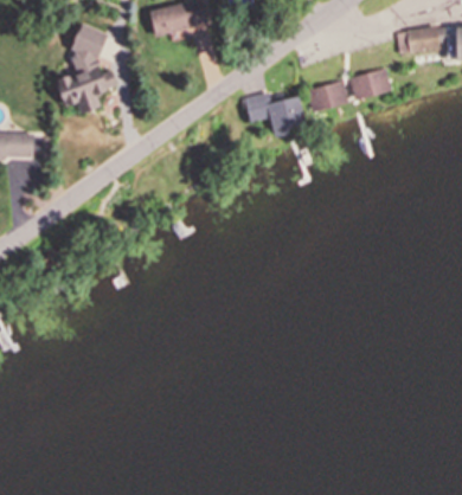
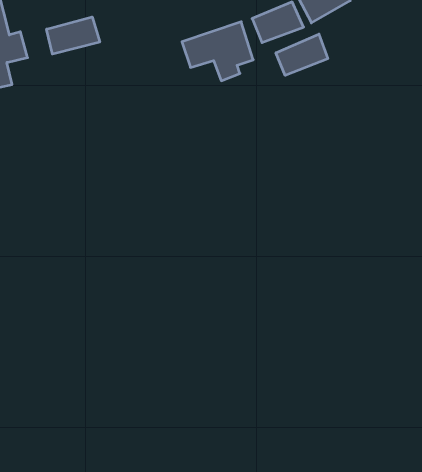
building: none -> [47,17,100,54]
building: none -> [276,34,328,75]

